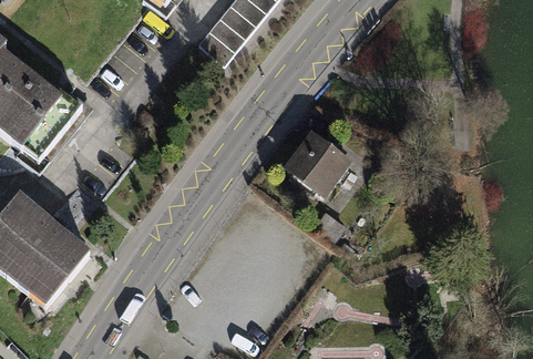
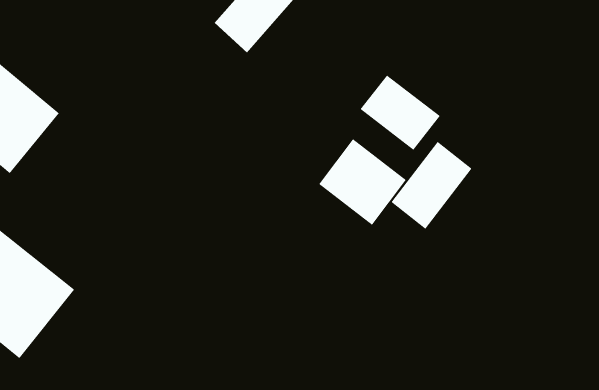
building: none -> [360,74,441,151]
building: none -> [390,141,473,230]

